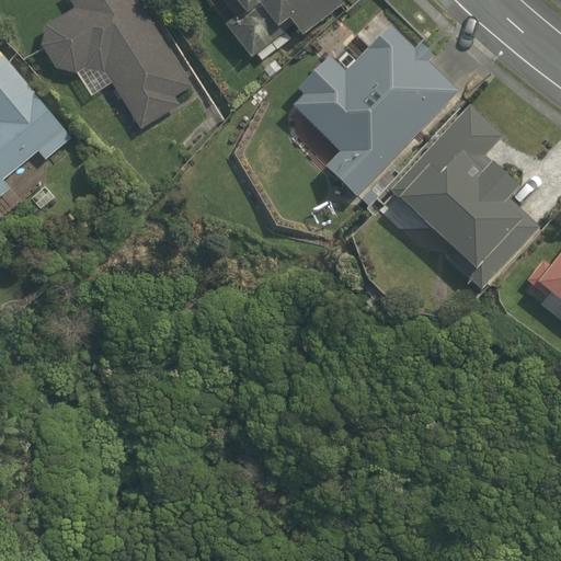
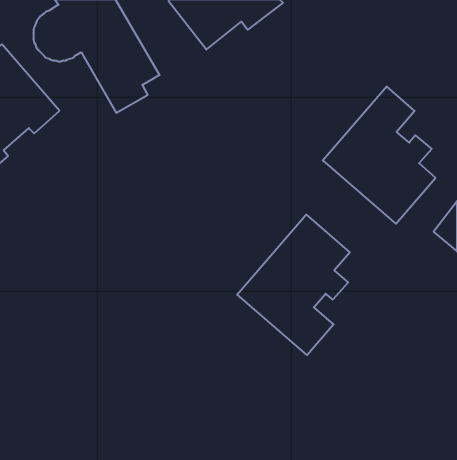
building: [293,8,459,195] -> none
building: none -> [237,215,350,355]

